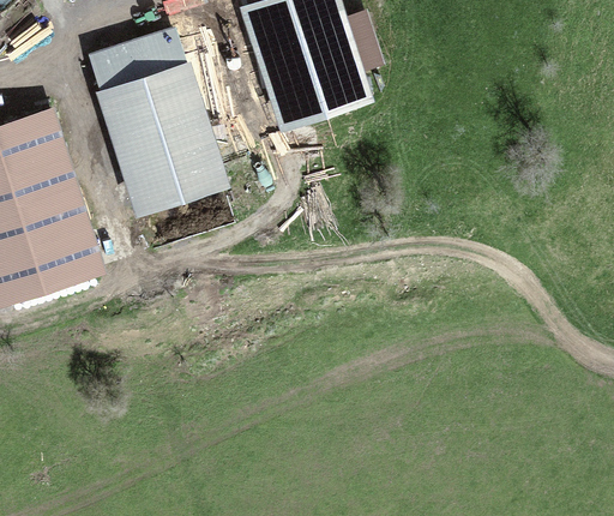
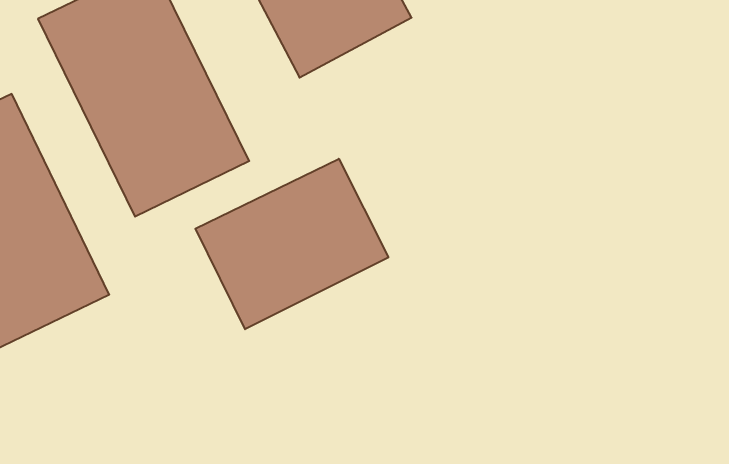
building: none -> [195,159,388,329]

